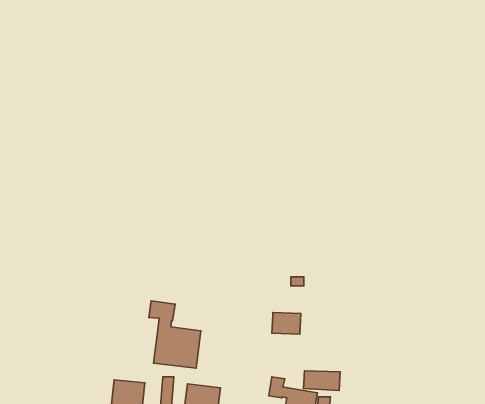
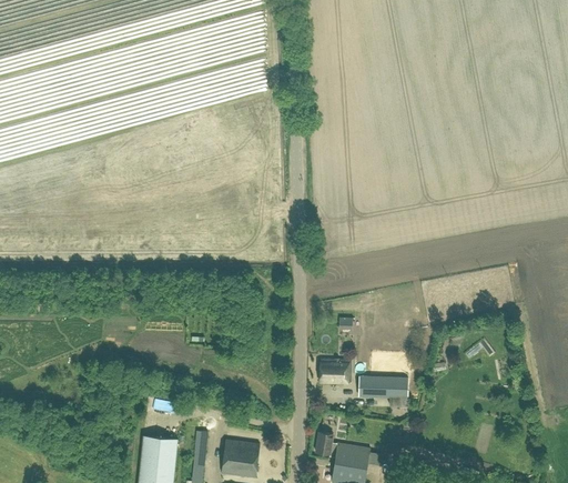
building: [149,301,201,368] -> none
building: [304,371,340,390] -> [358,375,399,398]

